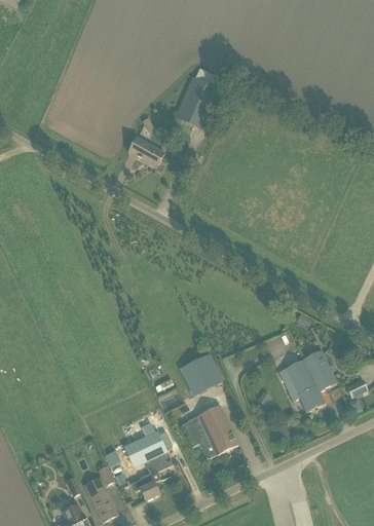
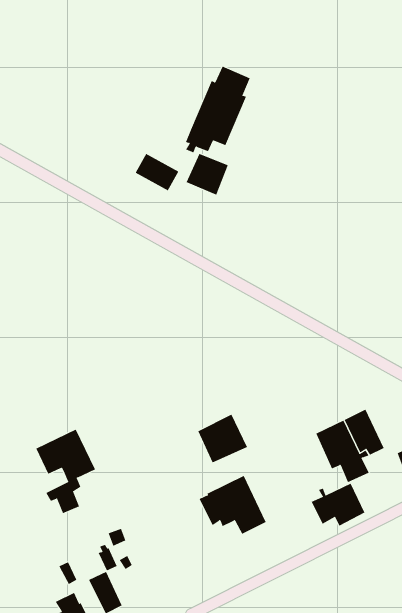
building: none -> [186,153,228,196]
building: none -> [311,483,365,526]
building: [123,429,174,500] -> [36,429,96,514]

